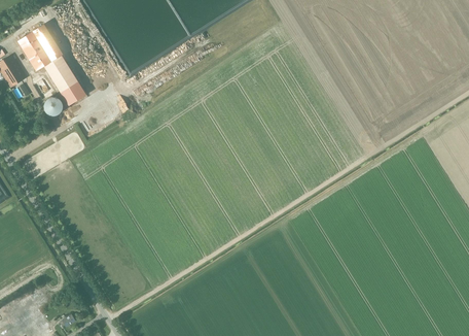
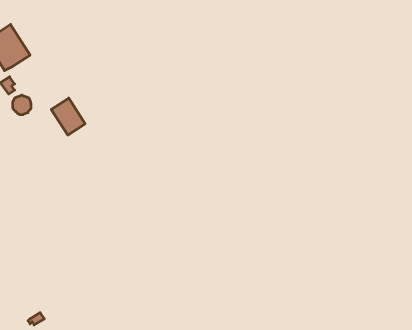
building: [46,59,80,96] -> [51,98,85,135]

